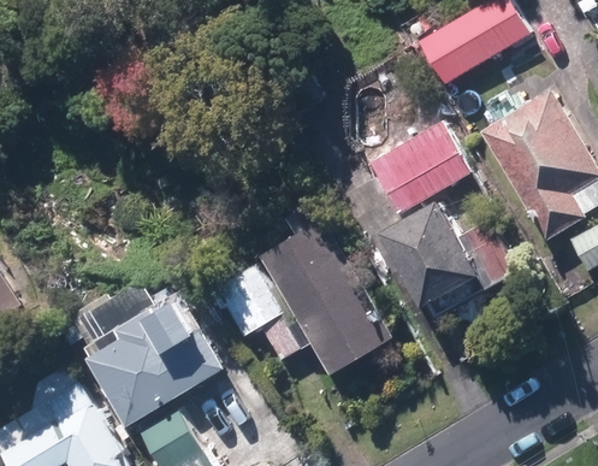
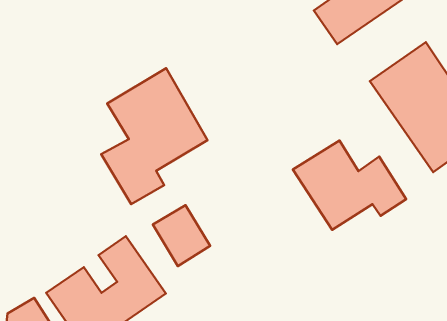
building: none -> [101,68,208,204]
building: [367,124,468,217] -> none
building: [259,219,392,374] -> none

